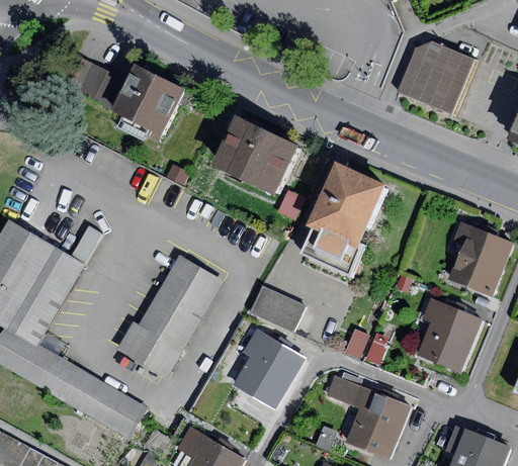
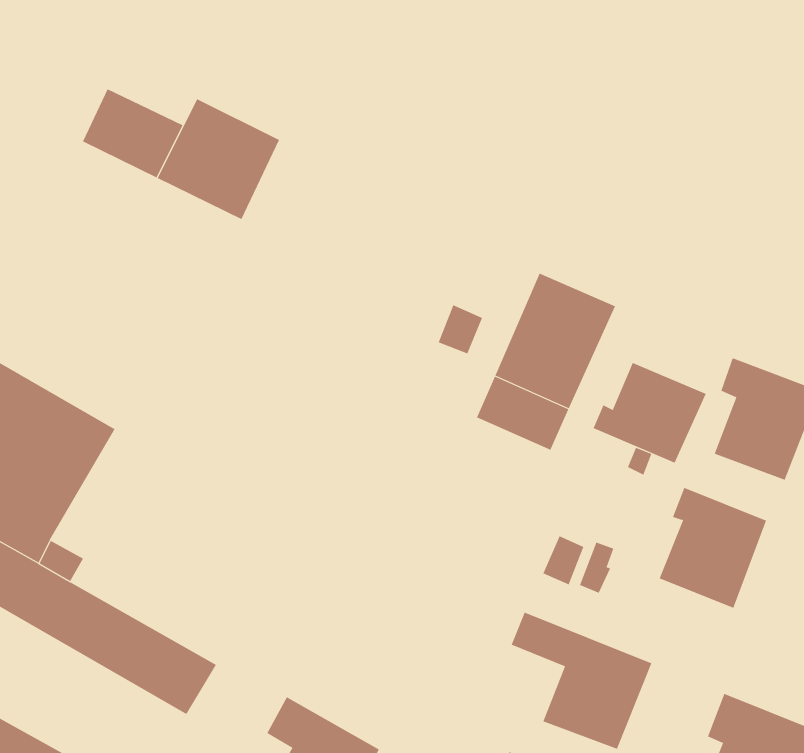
building: [398,40,479,115] -> none
building: [218,118,303,196] -> none
building: none -> [593,362,706,464]
building: [115,256,225,380] -> none
building: [250,286,306,332] -> none
building: [235,329,304,407] -> none

